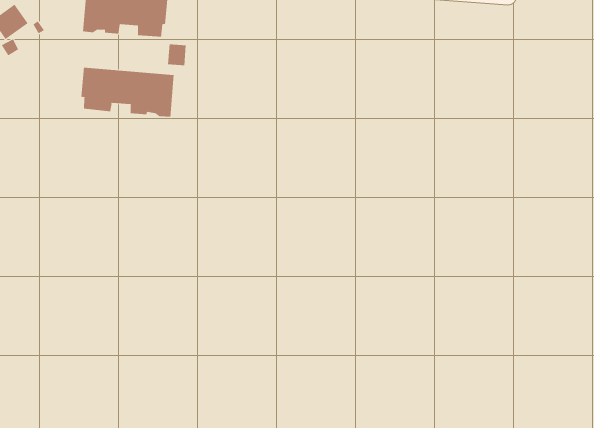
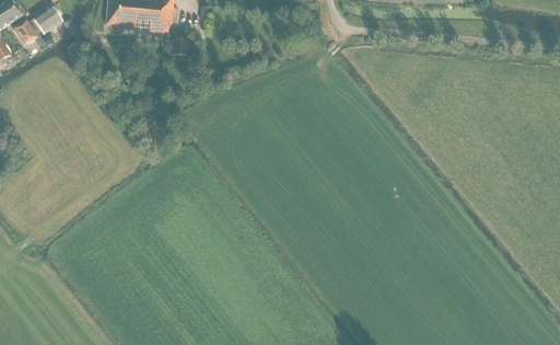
building: [81,67,174,118] -> none

